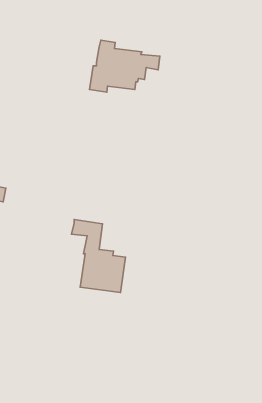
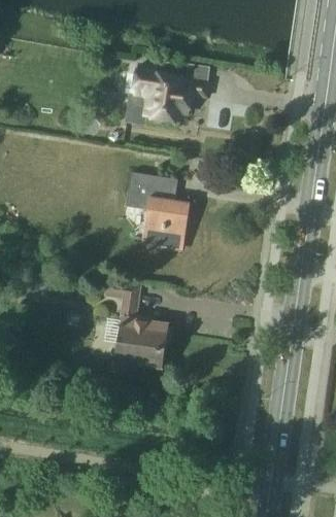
building: none -> [126,172,191,249]

